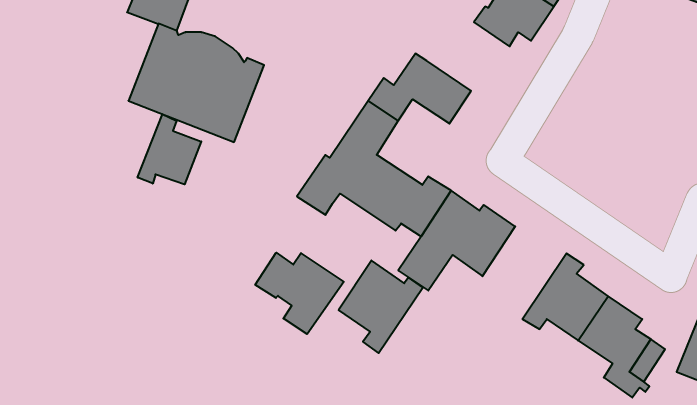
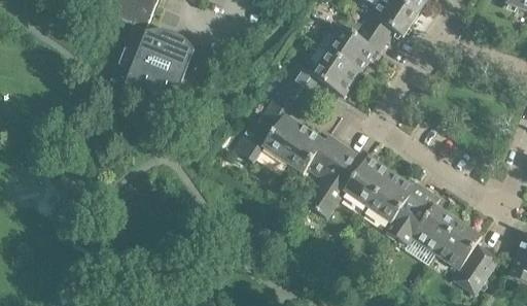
building: none -> [327,23,387,72]
building: [138,114,201,184] -> none
building: [255,253,344,334] -> none
building: [339,260,423,353] -> [367,170,428,237]

